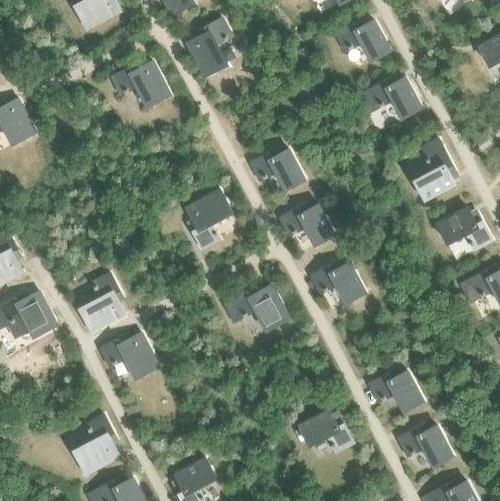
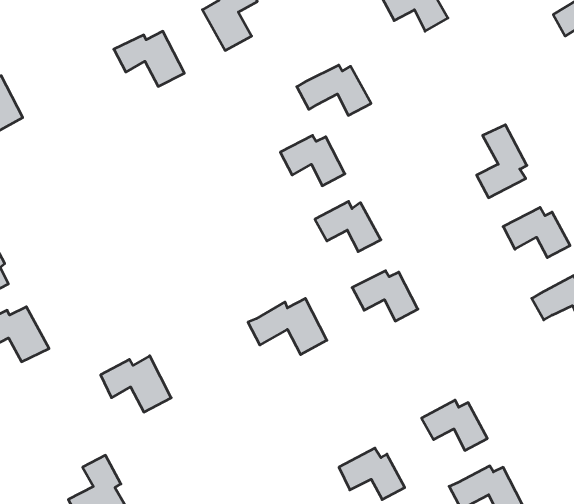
building: [359,76,421,118] -> [297,65,371,115]
building: [185,190,232,249] -> none
building: [79,273,125,332] -> none

